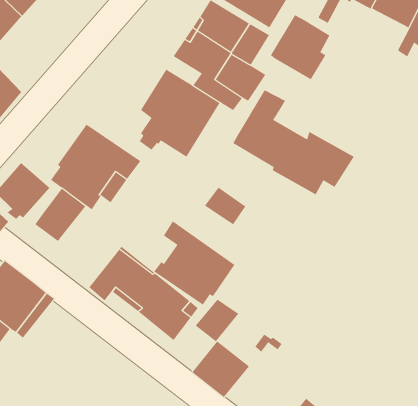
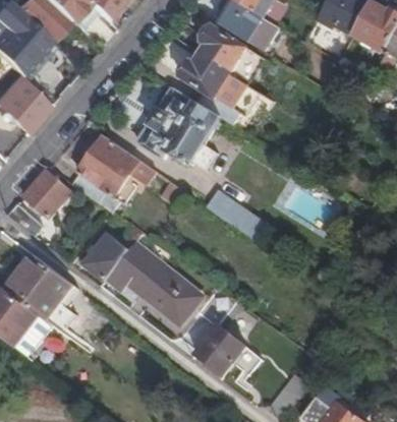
building: [270,14,330,80] -> none
building: [232,90,354,195] -> none
building: [35,188,86,242] -> [84,232,129,279]
building: [154,220,235,305] -> none

